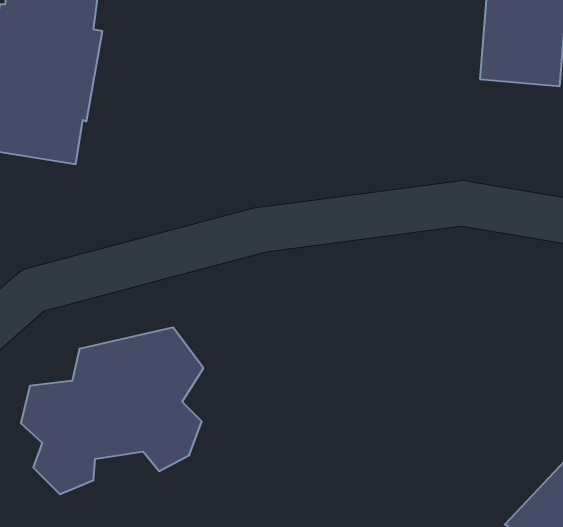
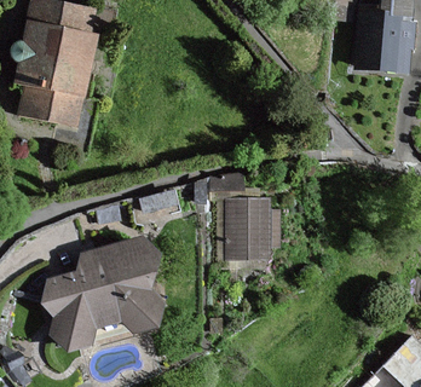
building: none -> [225,201,267,259]

